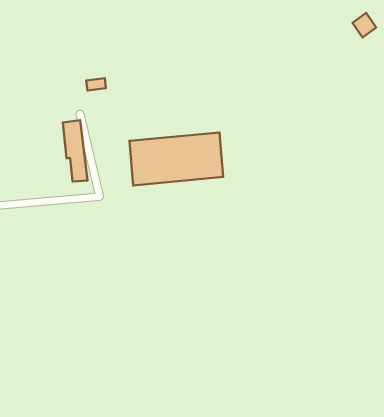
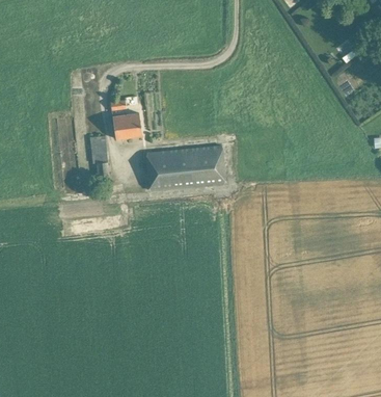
building: none -> [112,111,142,137]

